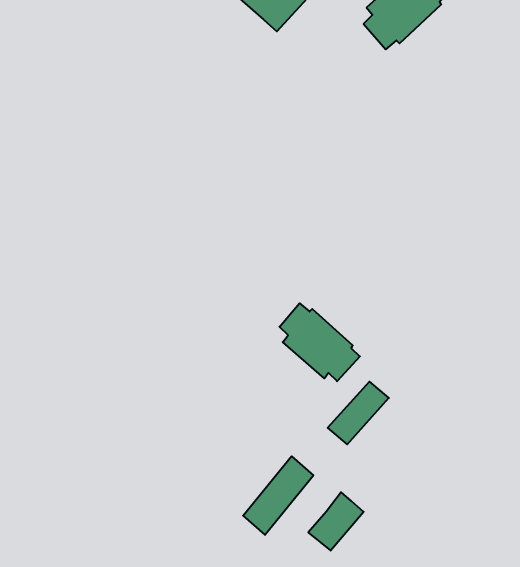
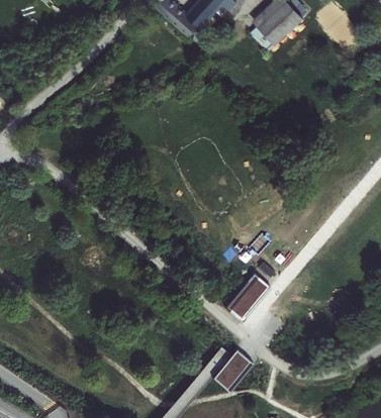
building: [279,303,360,381] -> none
building: [243,456,313,535] -> none

